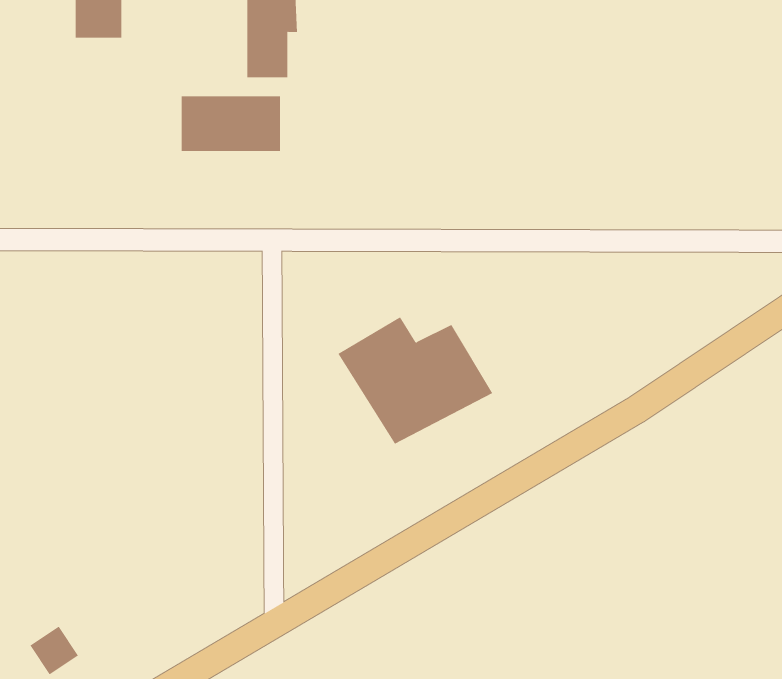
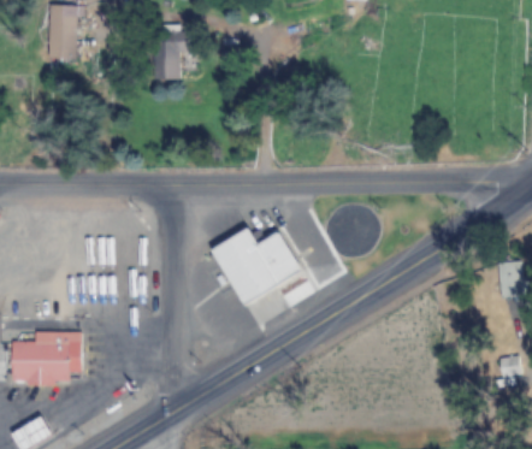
building: [181,96,281,152] -> none
building: none -> [12,331,82,384]

